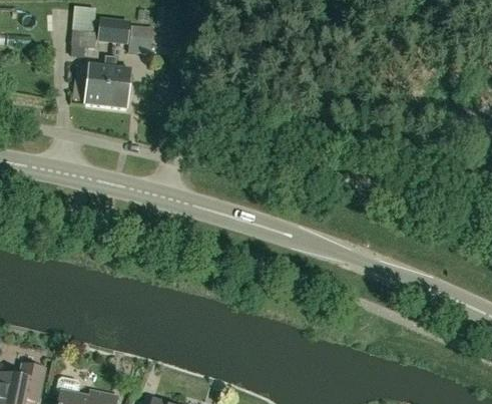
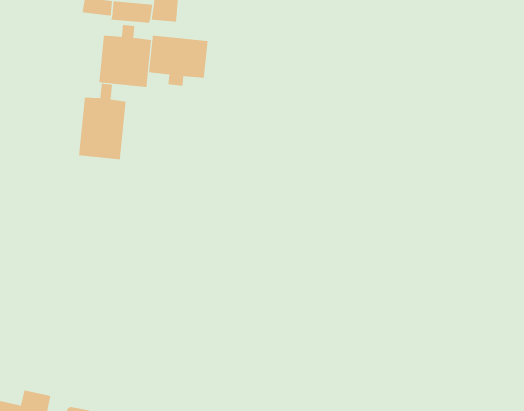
building: none -> [149,35,208,86]
building: none -> [79,83,126,160]

